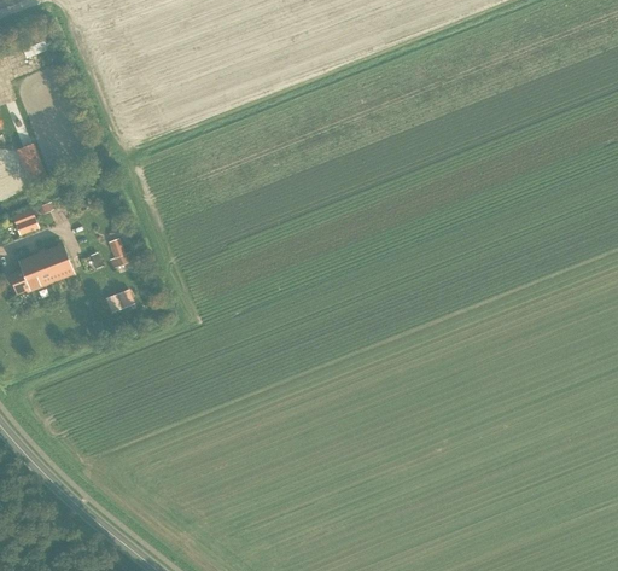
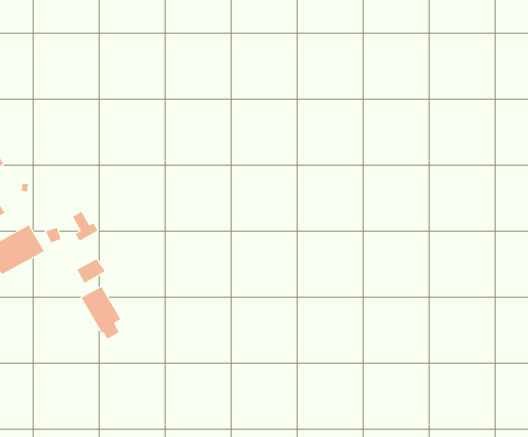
building: none -> [81,286,121,339]

